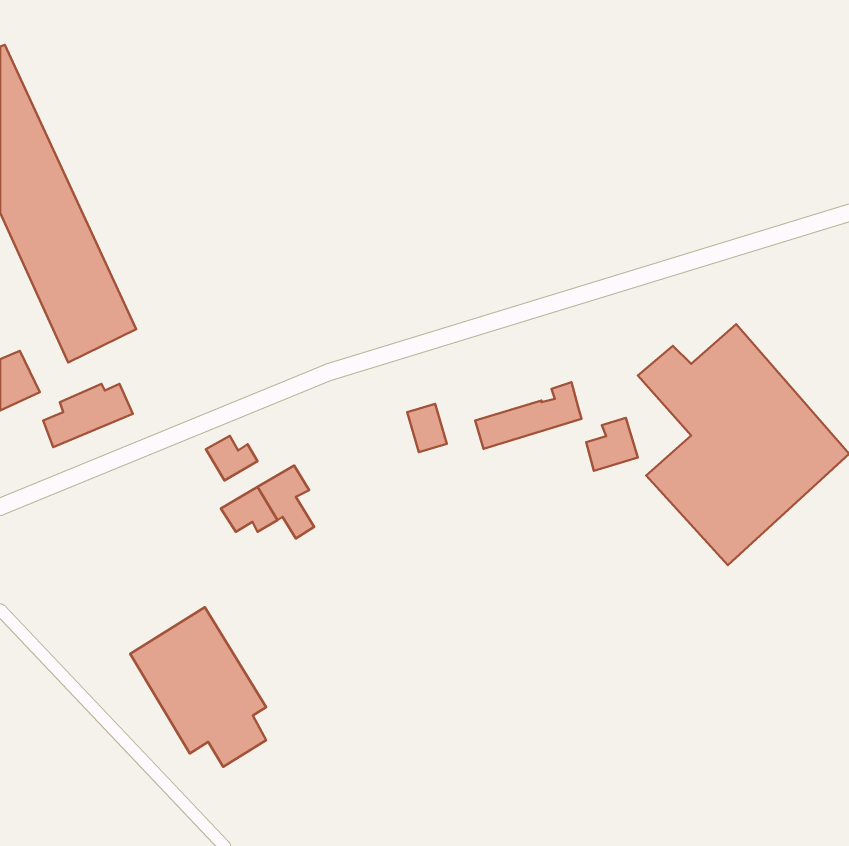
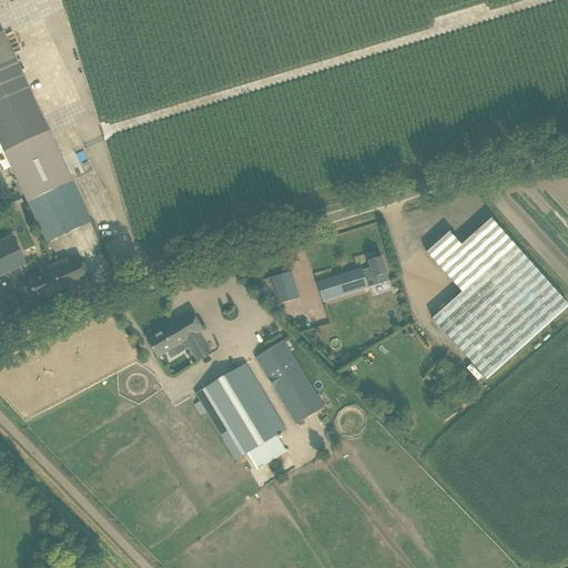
building: [586,418,638,471] -> none
building: [206,436,258,481] -> none
building: none -> [255,338,324,424]
building: [130,607,266,767] -> [195,362,286,468]

